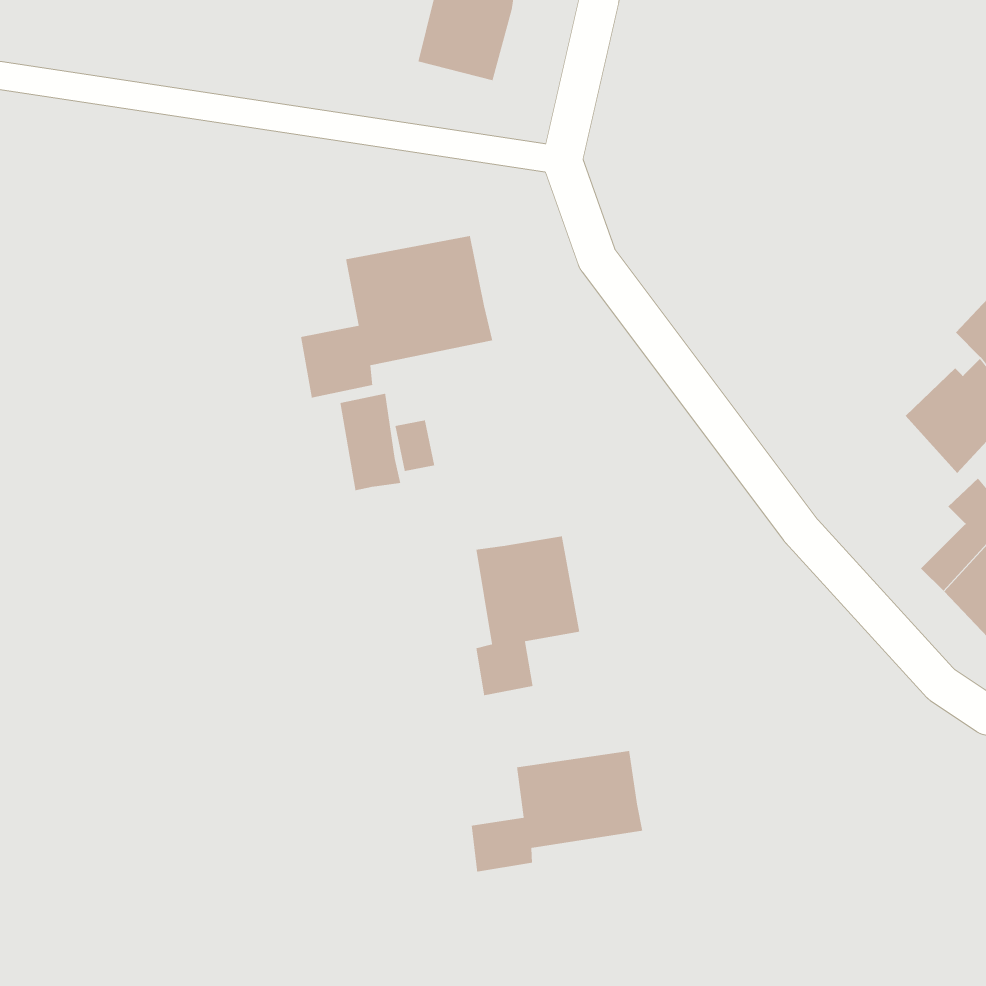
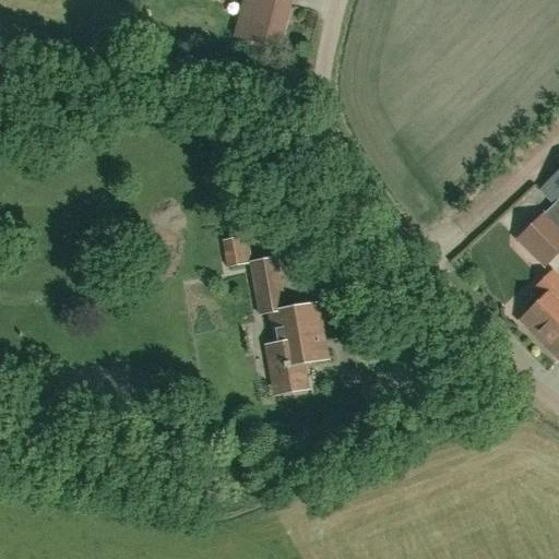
building: [300,235,493,398] -> none
building: [339,393,401,491] -> [251,257,286,312]
building: [471,750,643,872] -> none

